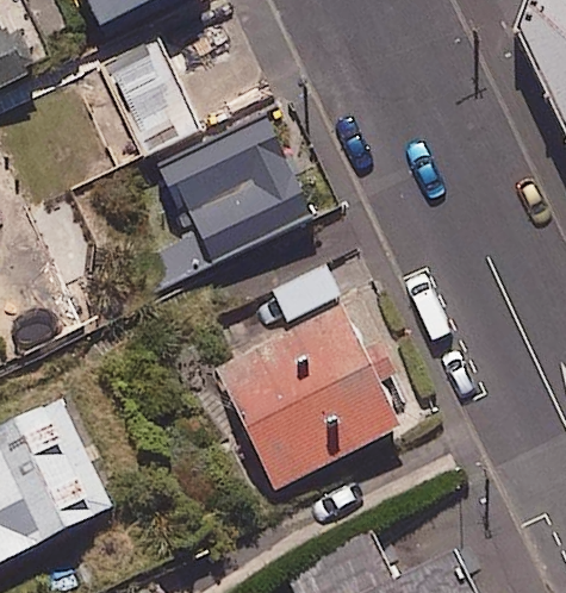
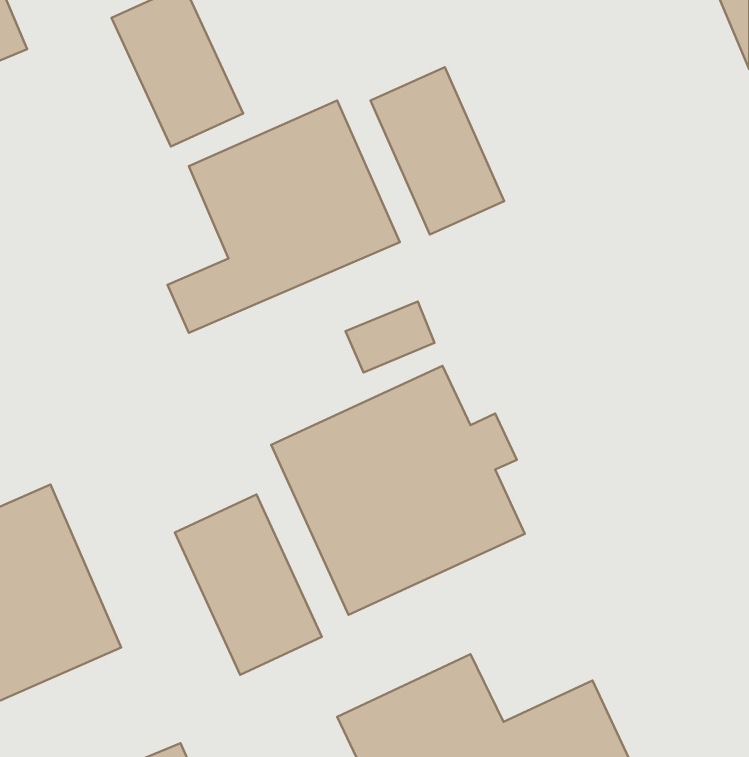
building: none -> [371,67,504,235]
building: none -> [175,494,322,675]

